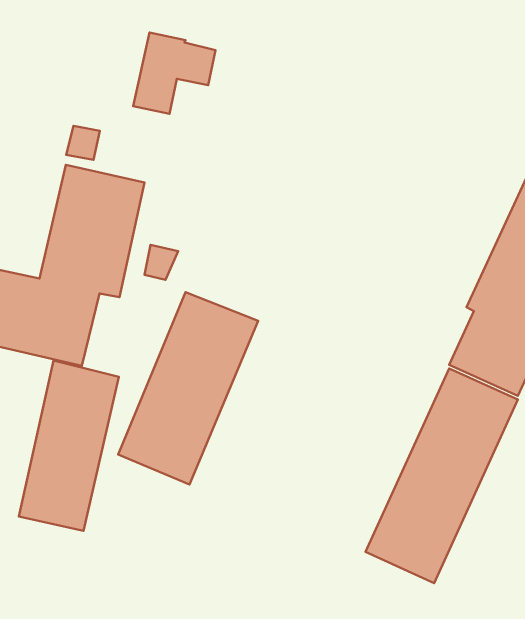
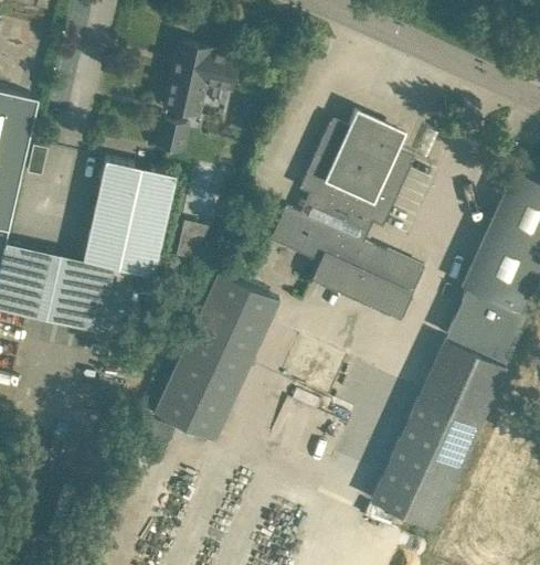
building: none -> [271,114,424,320]
building: [66,126,100,160] -> [157,121,187,151]
building: [19,361,119,531] -> none

